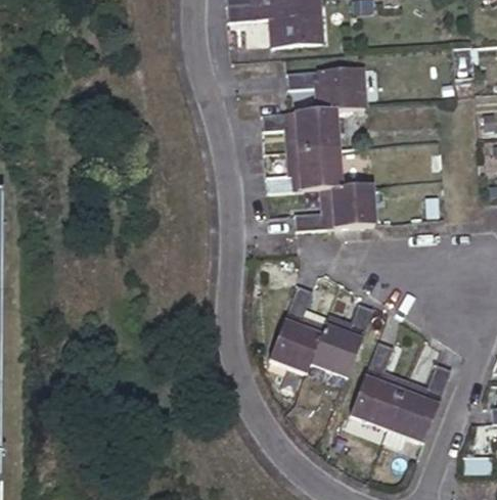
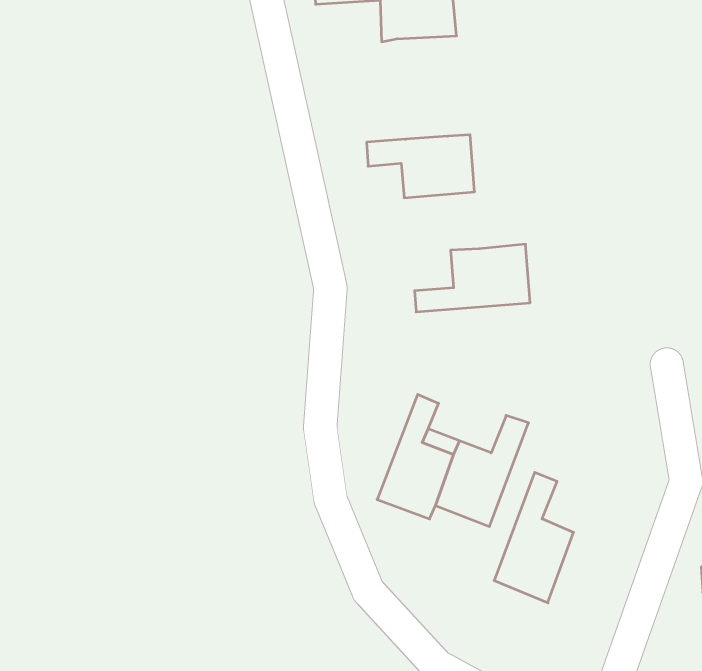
building: [286,66,365,111] -> none
building: [269,149,341,193] -> none
building: [388,364,452,444] -> none

